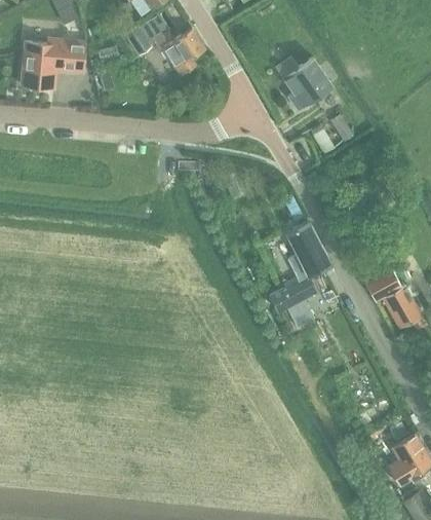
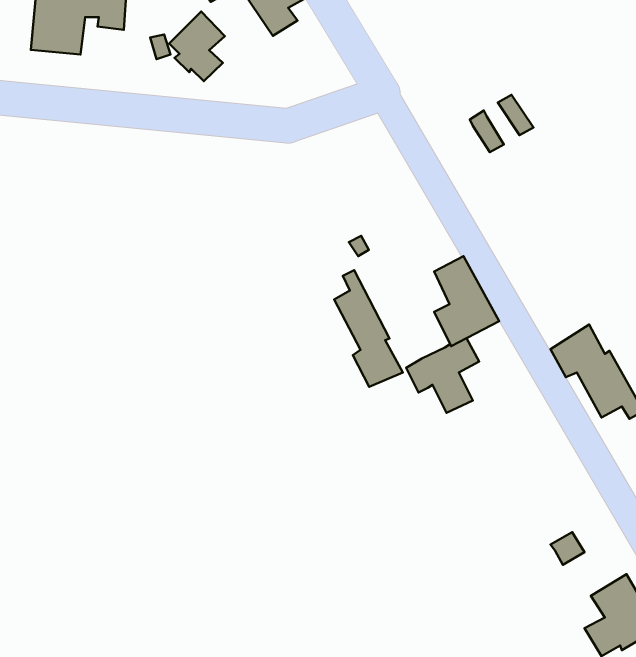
building: [276,57,331,109] -> none
building: none -> [169,12,225,81]
building: none -> [334,270,403,387]

